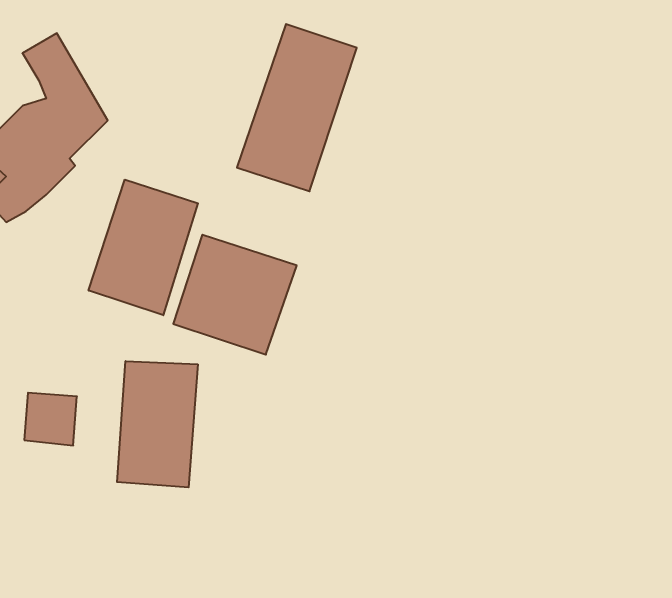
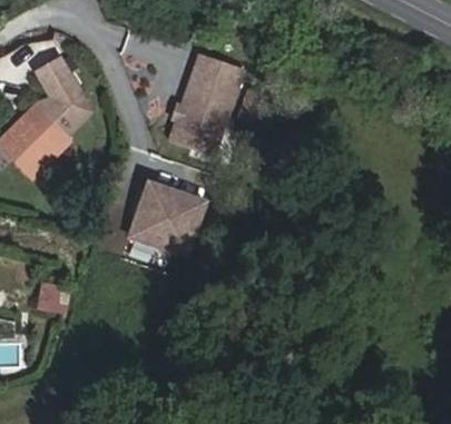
building: [89,180,198,315] -> none
building: [117,361,198,487] -> none

